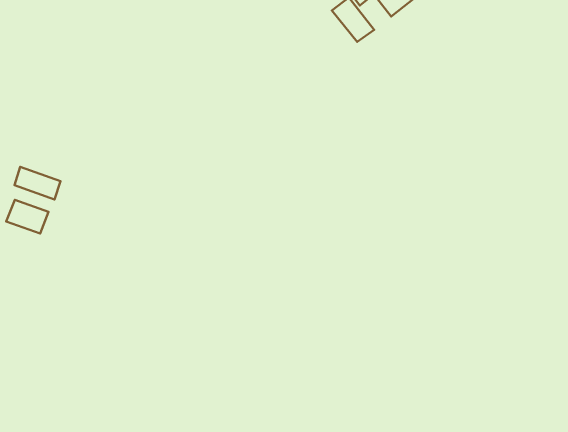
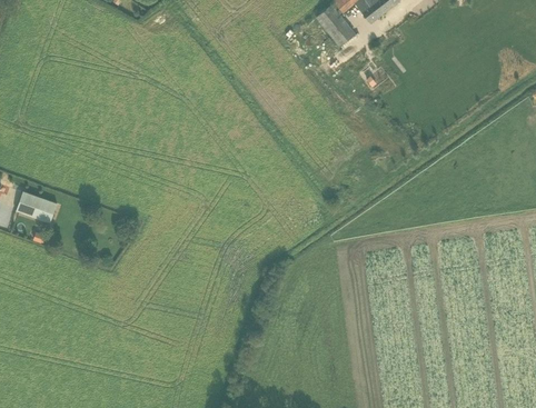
building: [14,167,60,200] -> none

